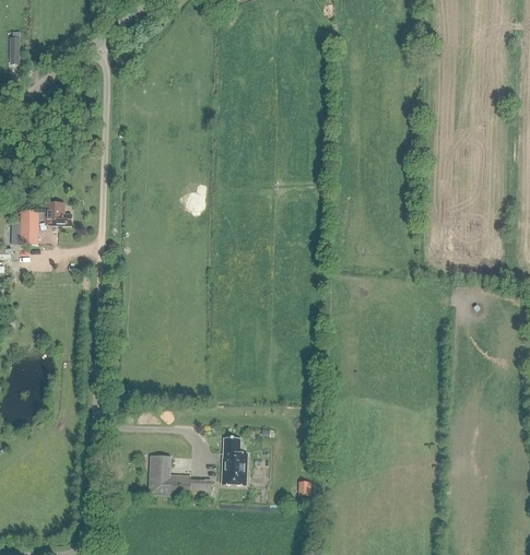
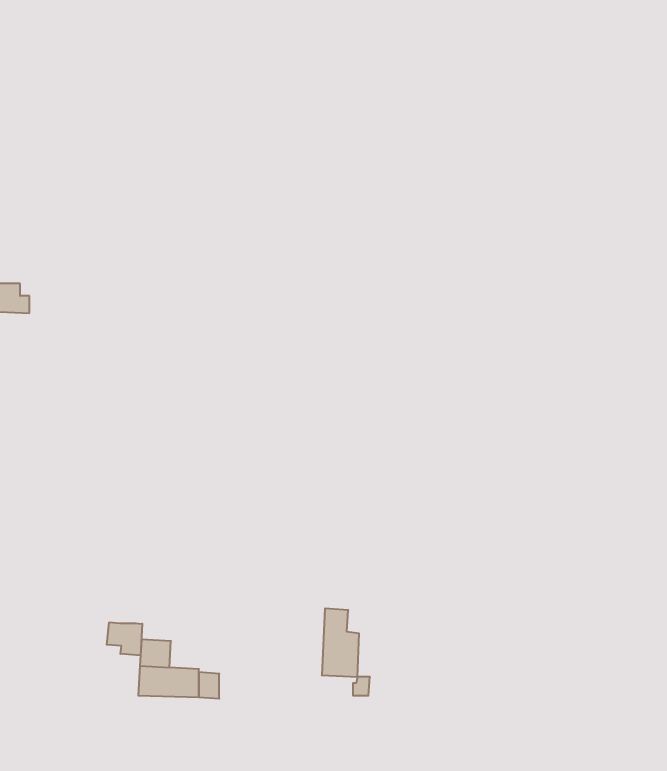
building: [222,435,248,483] -> [322,608,359,677]
building: none -> [107,622,142,656]

